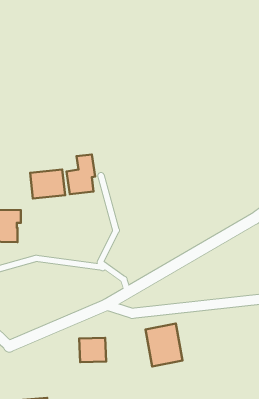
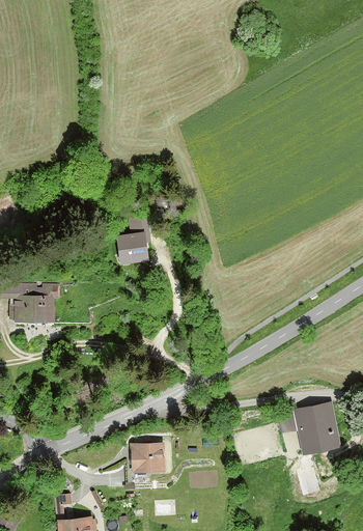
building: [30,169,65,199] -> none
building: [145,323,183,367] -> [294,401,339,454]

